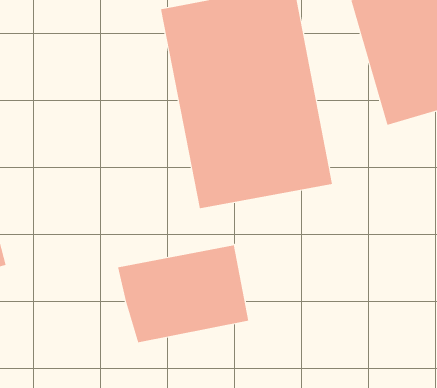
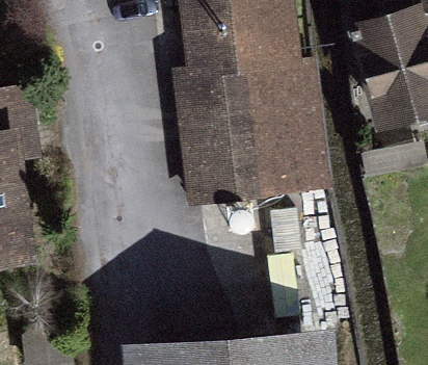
building: [118,244,249,343] -> none

